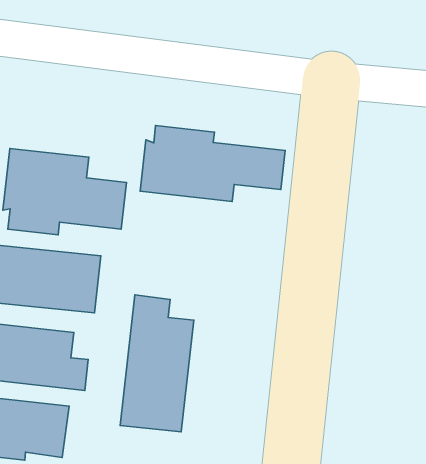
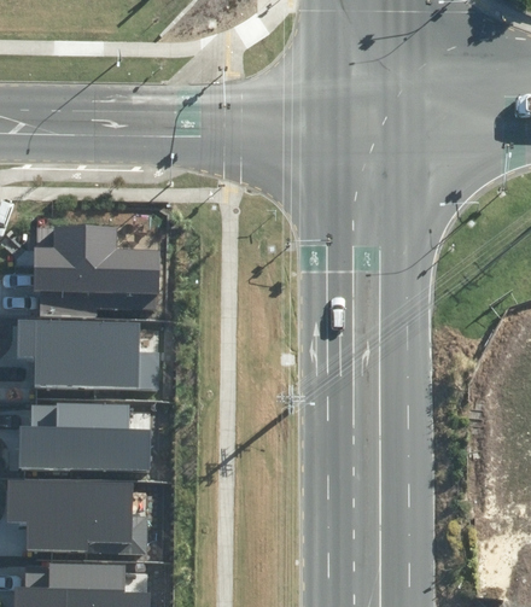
building: [140,126,285,201] -> none
building: [120,295,194,432] -> none

